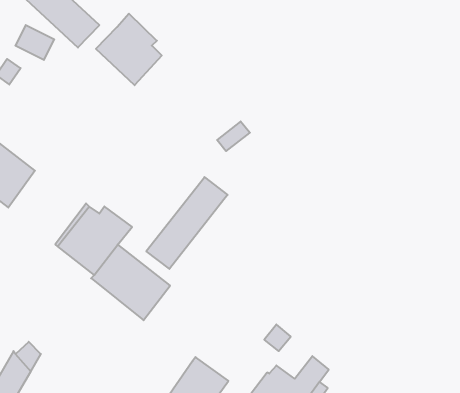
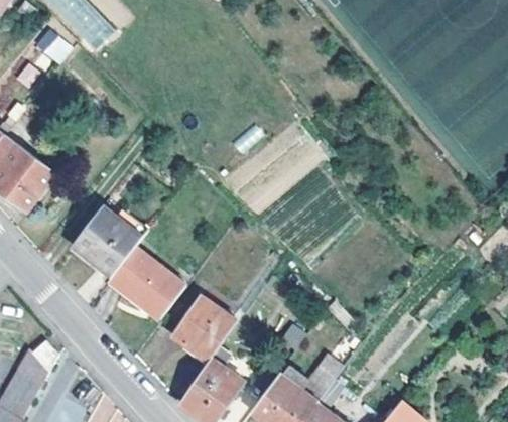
building: [96,14,162,85] -> none
building: [146,177,228,269] -> none
building: none -> [172,295,237,361]

